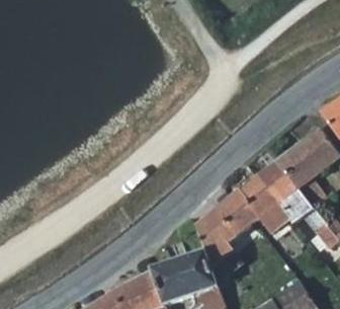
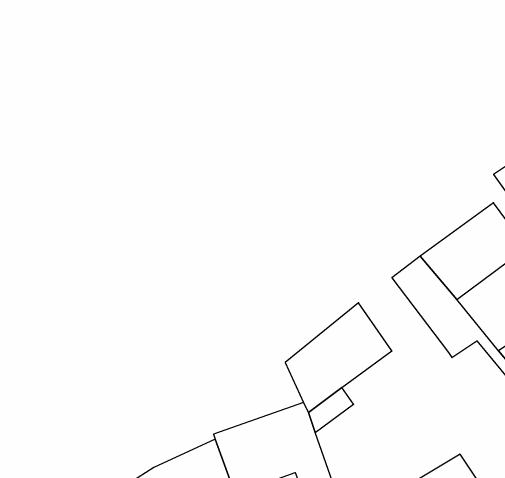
building: [238,174,292,232] -> none

